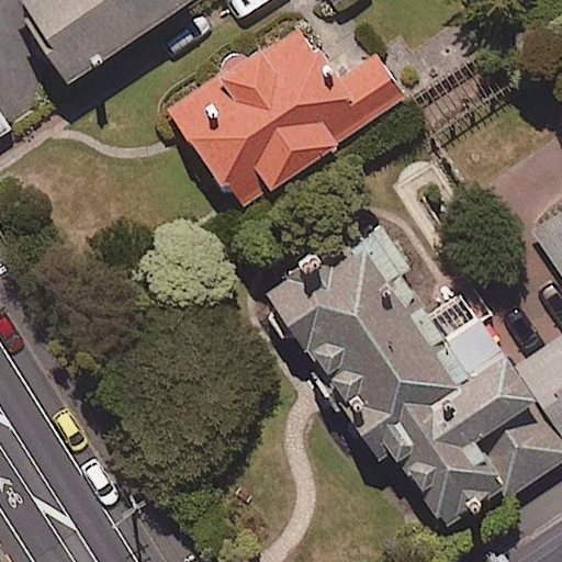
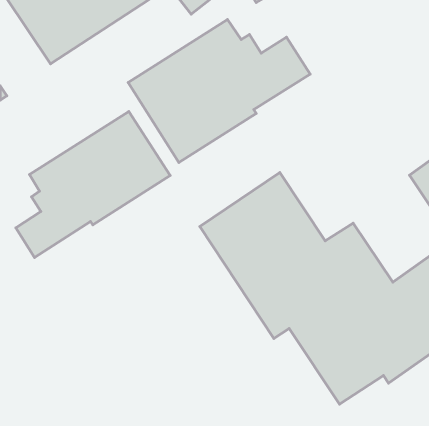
building: none -> [16,111,170,258]

